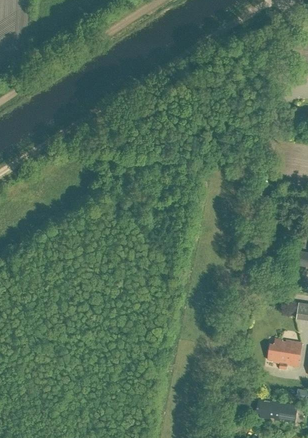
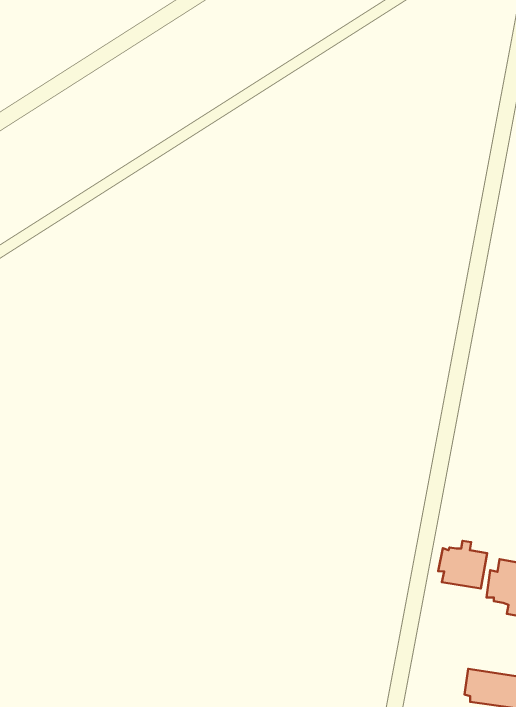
building: none -> [438,541,487,589]

